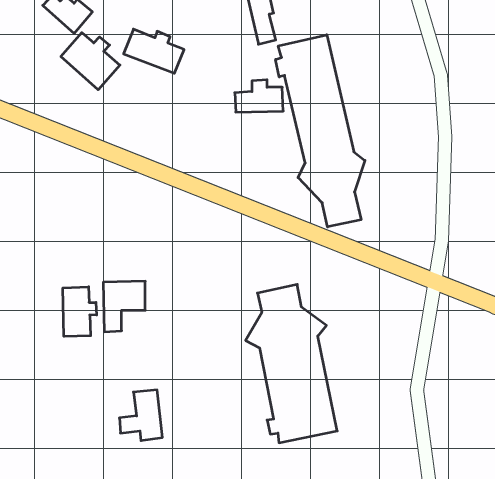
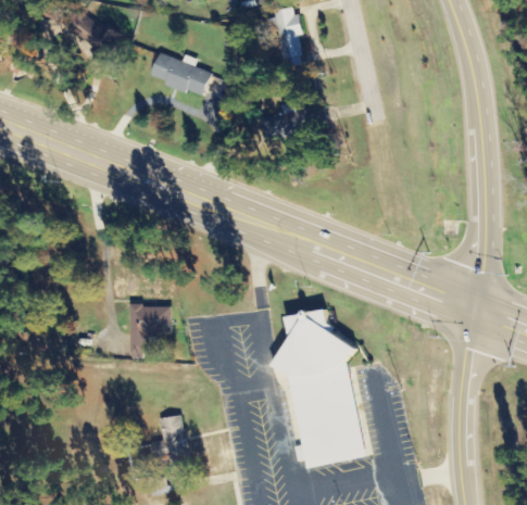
building: [61,33,120,90] -> none
building: [276,35,365,227] -> none
building: [63,287,97,336] -> none

